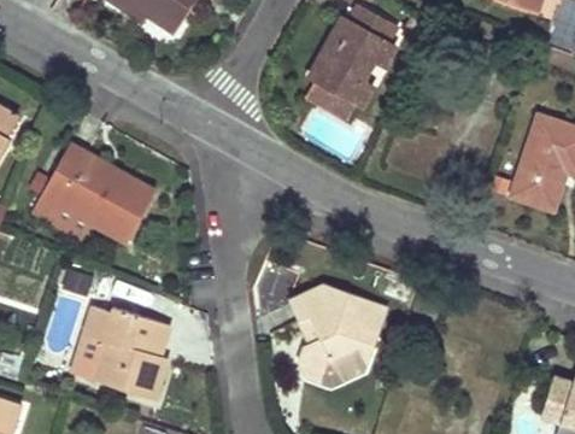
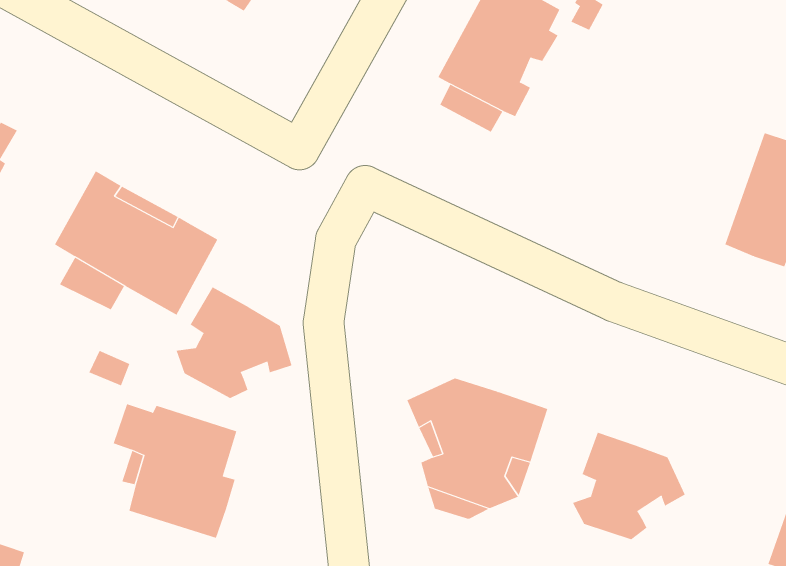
building: none -> [176,286,292,399]
building: none -> [572,432,686,540]

